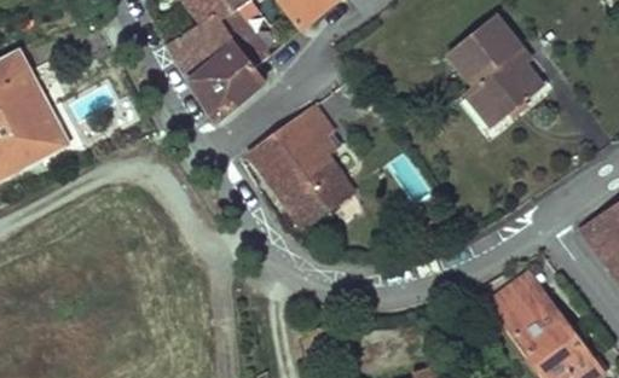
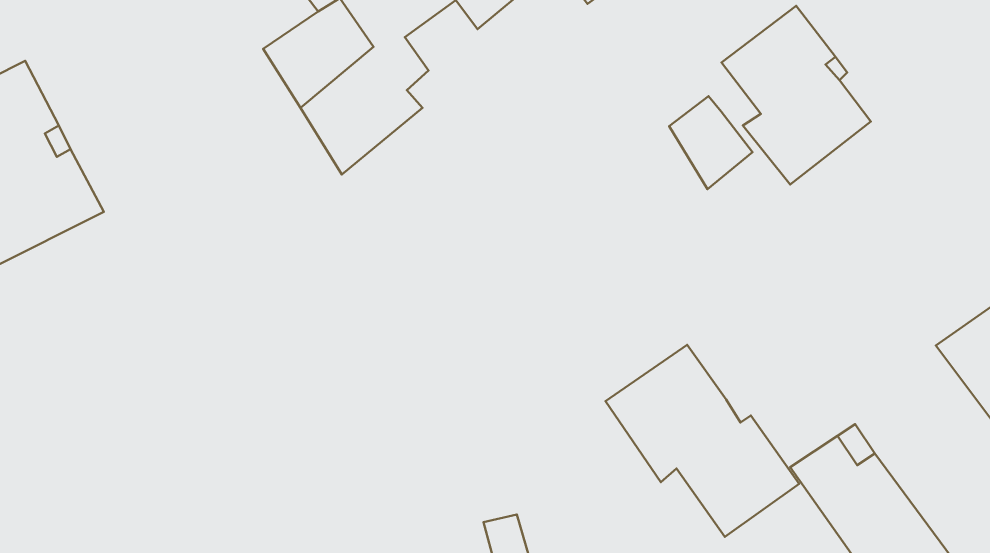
building: none -> [669,96,753,189]
building: [248,104,353,228] -> none
building: none -> [605,345,799,537]

